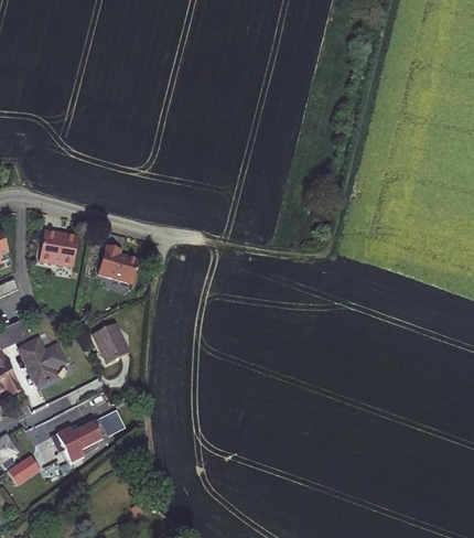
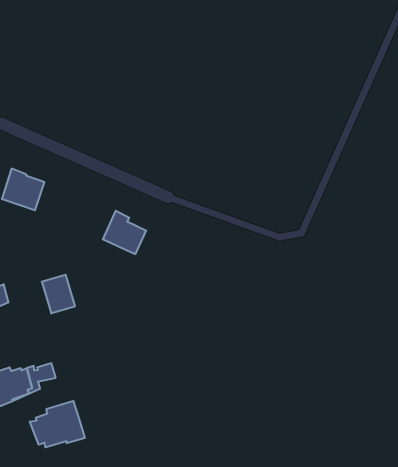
building: [99,244,140,282] -> [103,211,146,254]
building: none -> [30,401,85,447]

